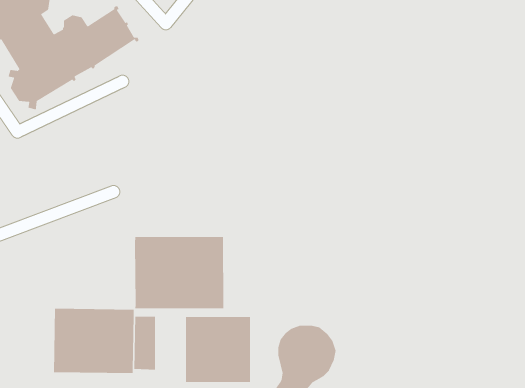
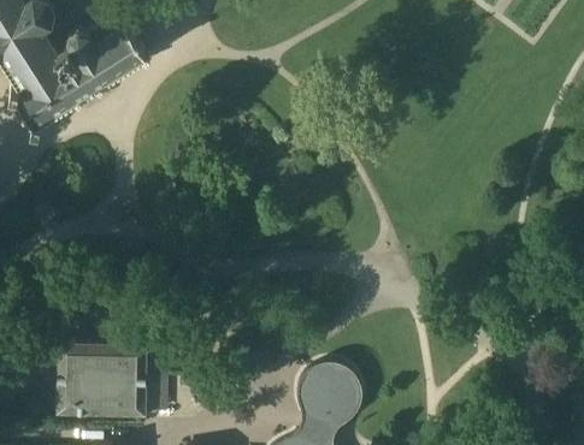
building: [134,236,224,309] -> none
building: [185,316,251,383] -> none

